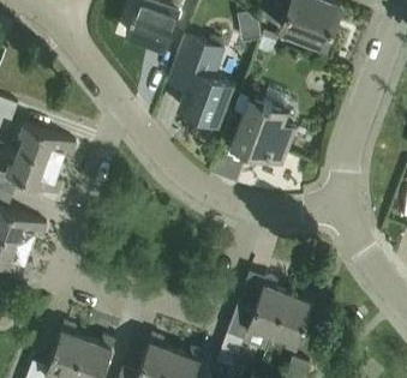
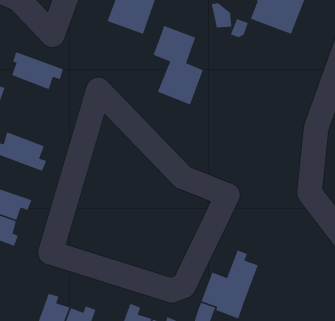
building: [229,96,295,164] -> none
building: [19,124,76,166] -> [11,51,64,90]
building: [274,290,316,347] -> none

